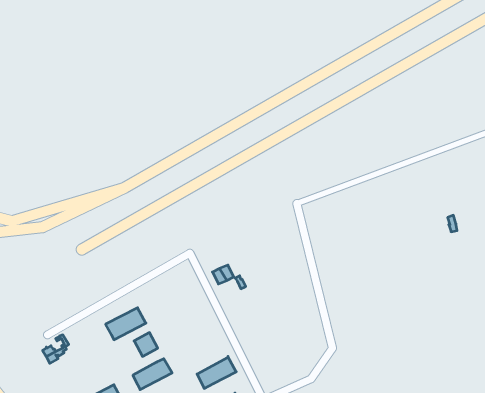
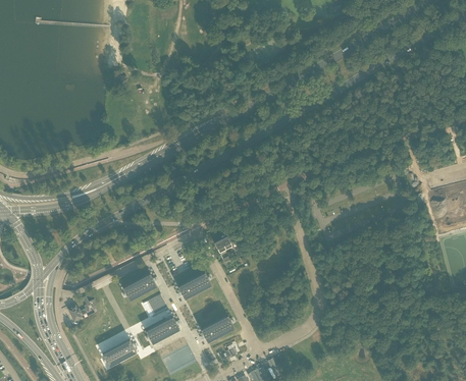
building: none -> [176,272,211,300]

